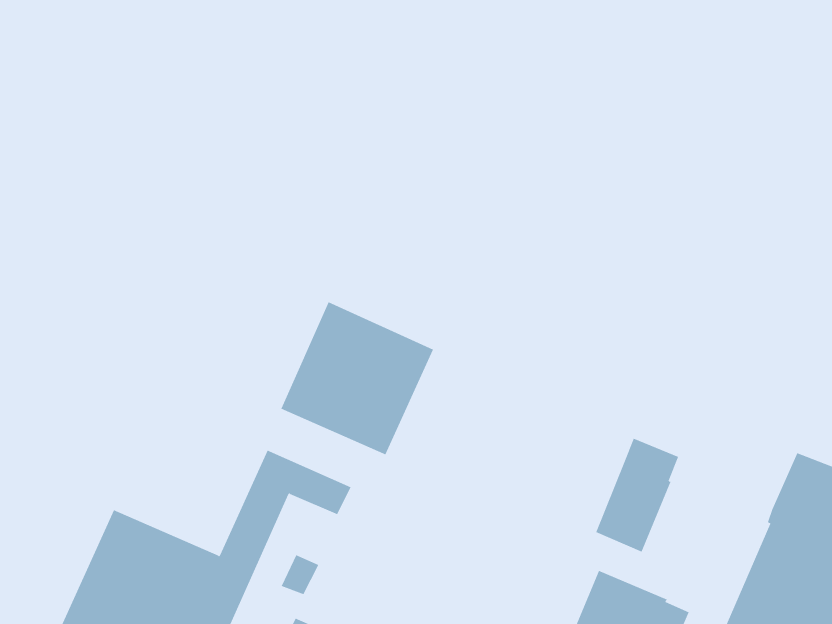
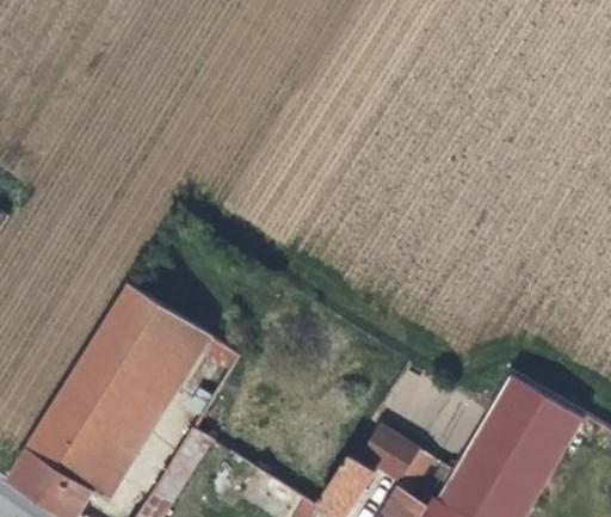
building: [280,301,434,455] -> [91,287,189,384]
building: [596,438,679,552] -> none

